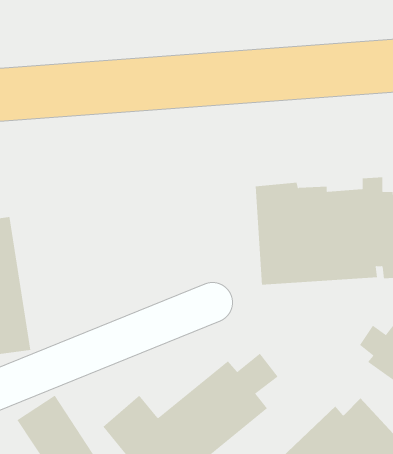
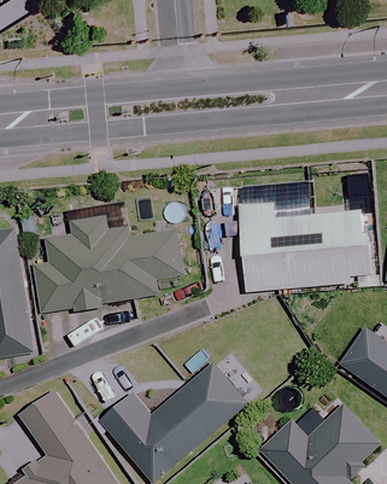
building: none -> [33,212,180,315]

